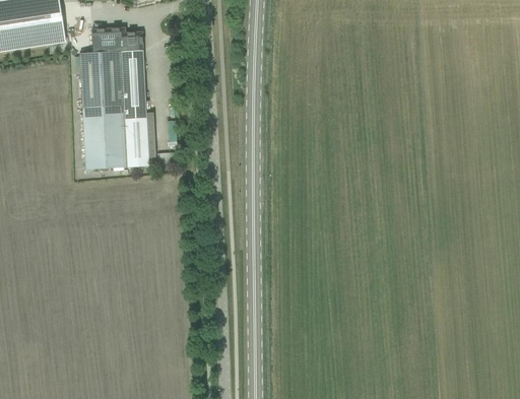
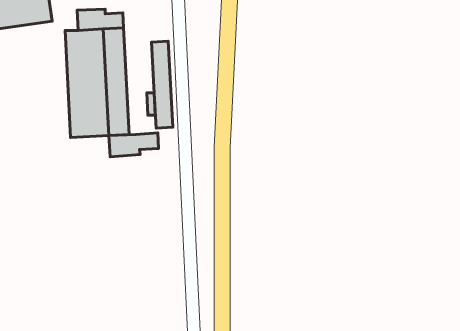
building: none -> [152,41,173,128]
building: none -> [109,133,159,157]

